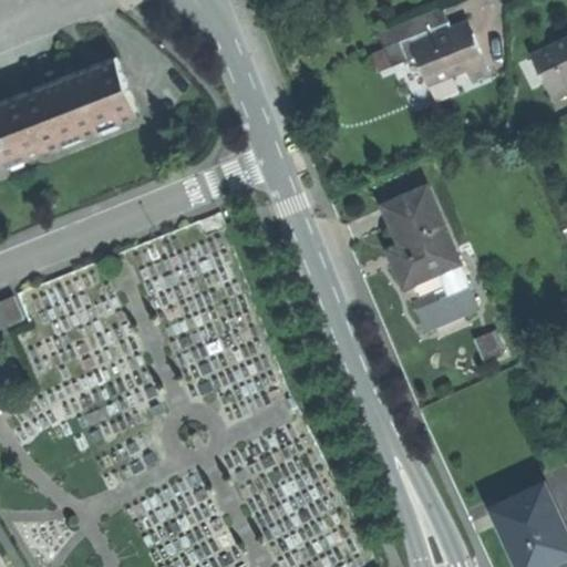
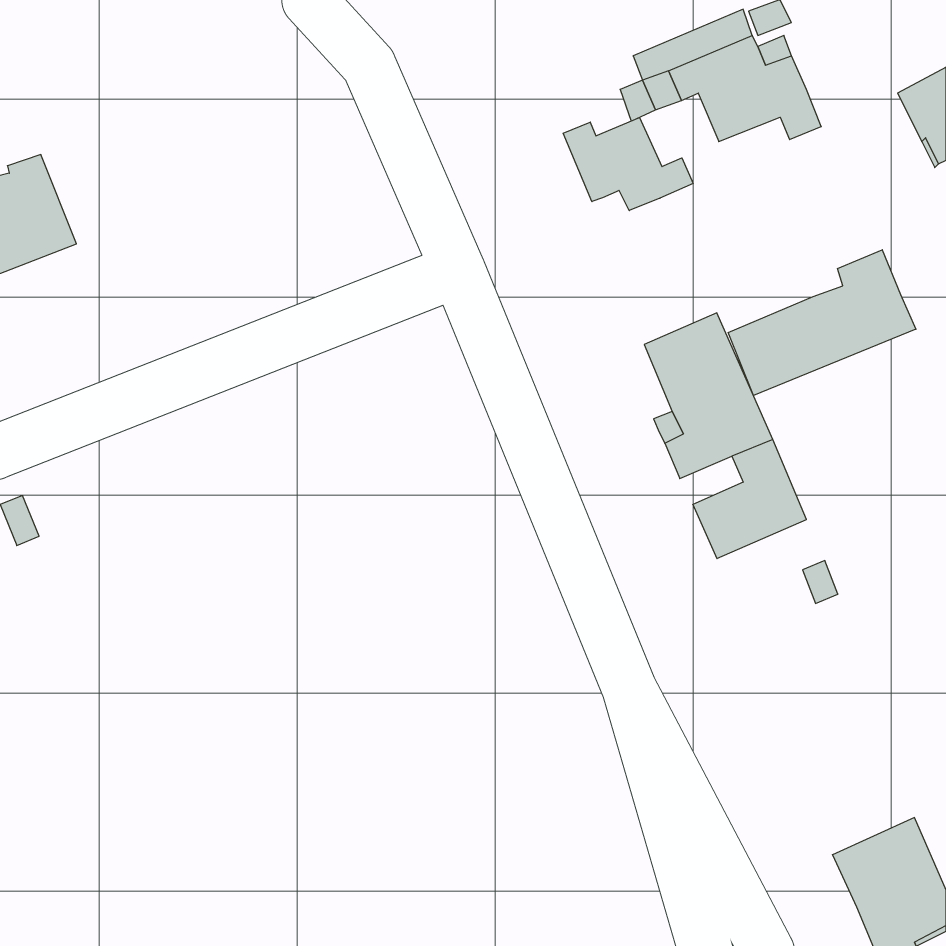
building: [24,59,138,148] -> none
building: none -> [563,118,693,211]
building: none -> [728,250,916,396]

